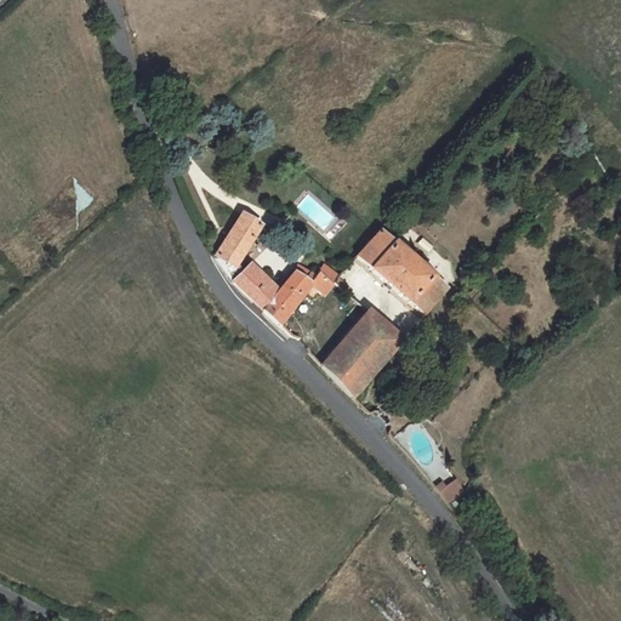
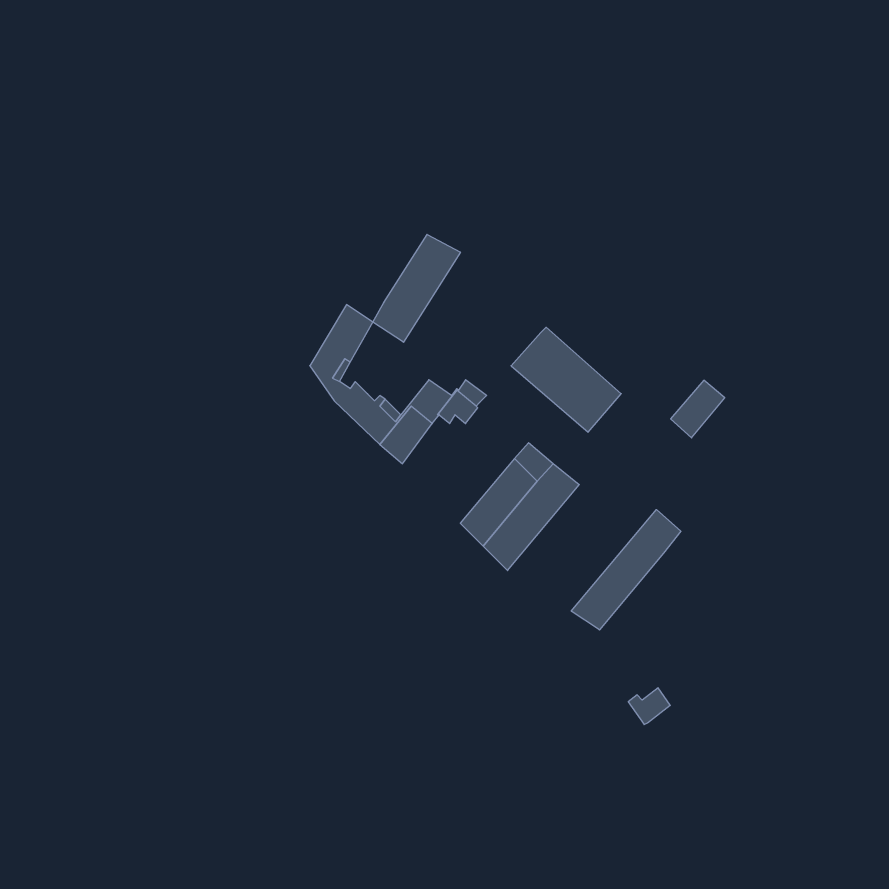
building: none -> [373,234,460,342]
building: [411,273,449,313] -> [671,380,725,438]
building: none -> [571,510,681,630]

